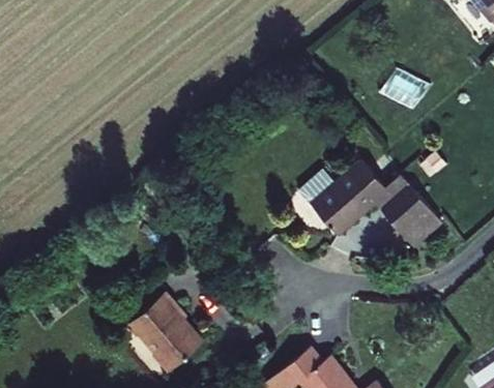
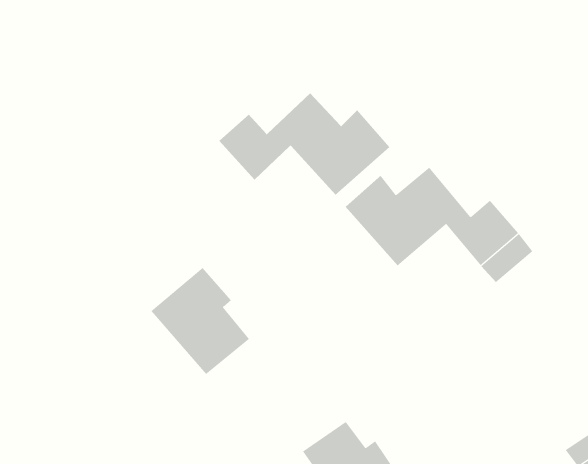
building: none -> [219,93,390,196]
building: [128,293,203,374] -> [150,267,250,375]

